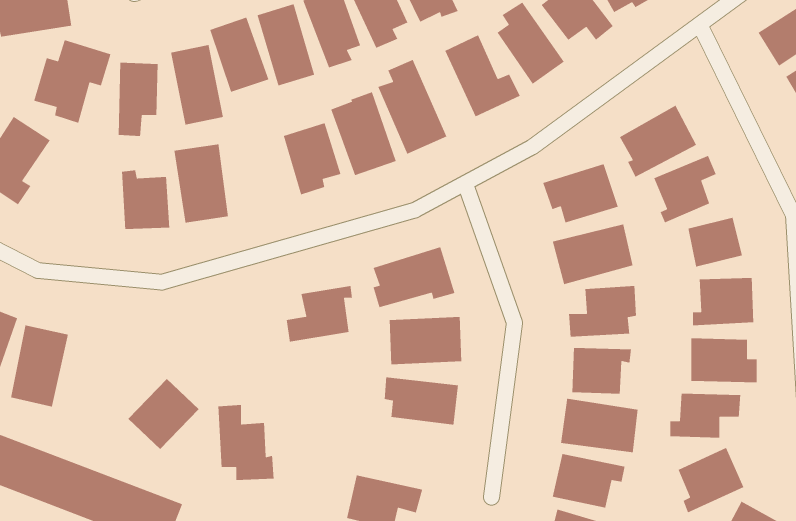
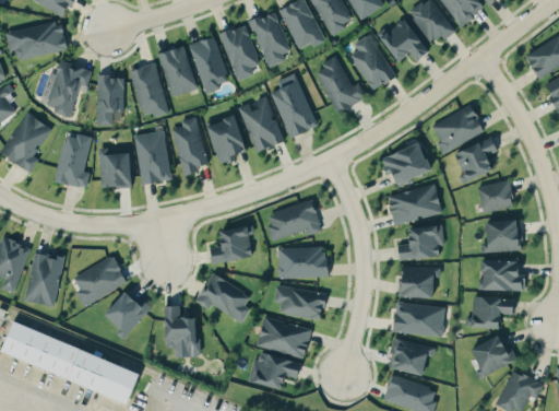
building: none -> [171,116,206,176]
building: none -> [55,132,91,188]
building: none -> [73,255,127,306]
building: none -> [194,272,250,322]
building: none -> [257,318,310,357]

